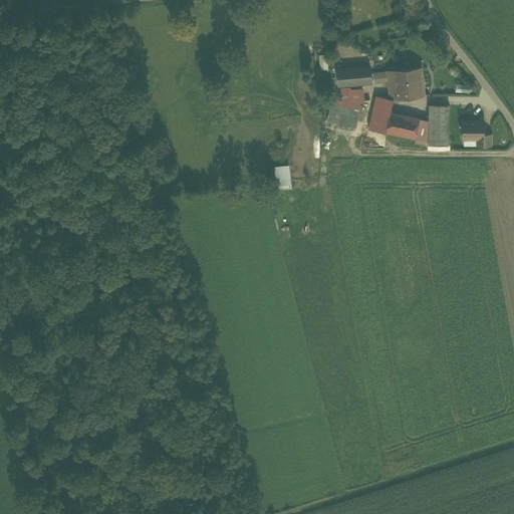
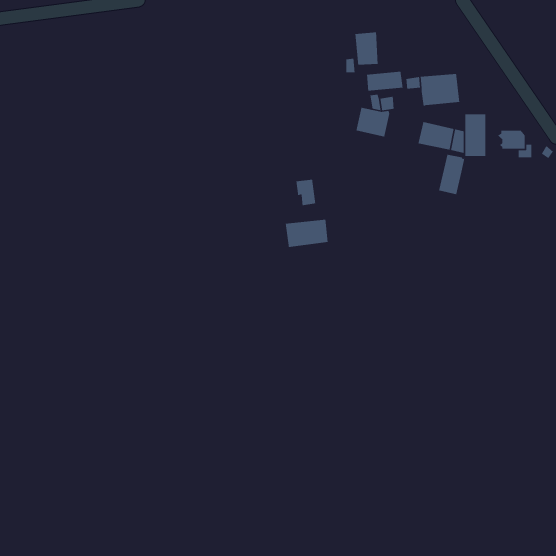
building: none -> [355,31,379,66]
building: [367,95,393,134] -> [438,154,465,195]
building: none -> [285,219,328,248]

